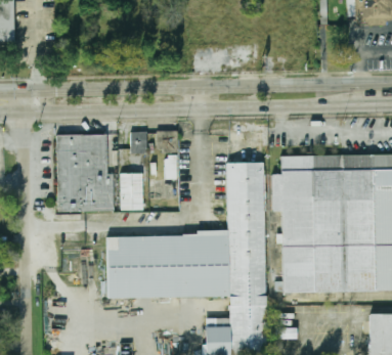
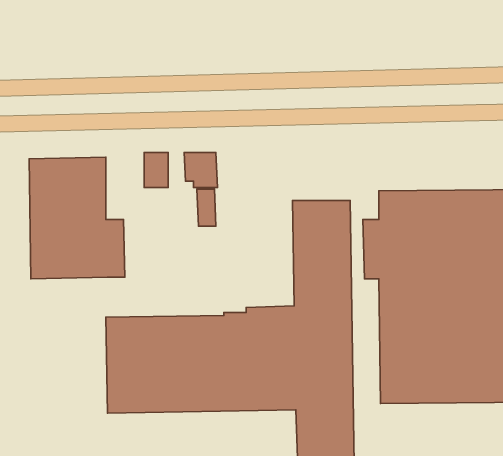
building: [121,174,142,211] -> none

